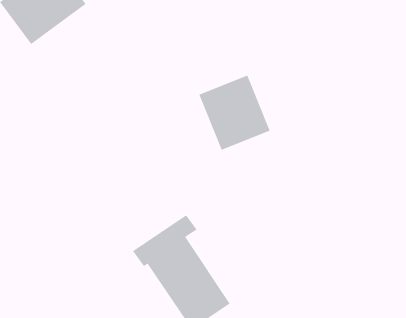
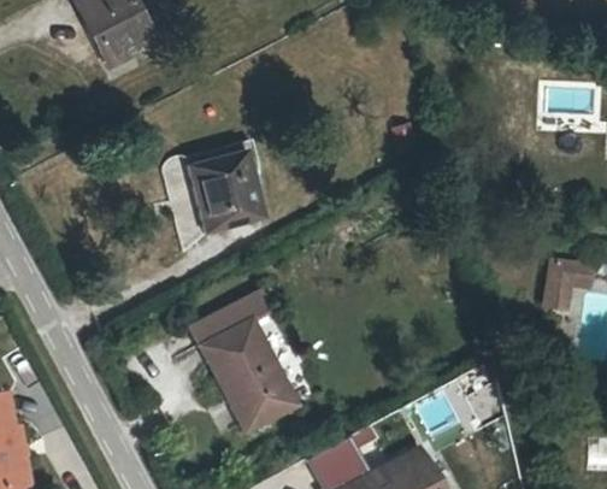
building: [199,75,270,151] -> [181,147,260,232]

